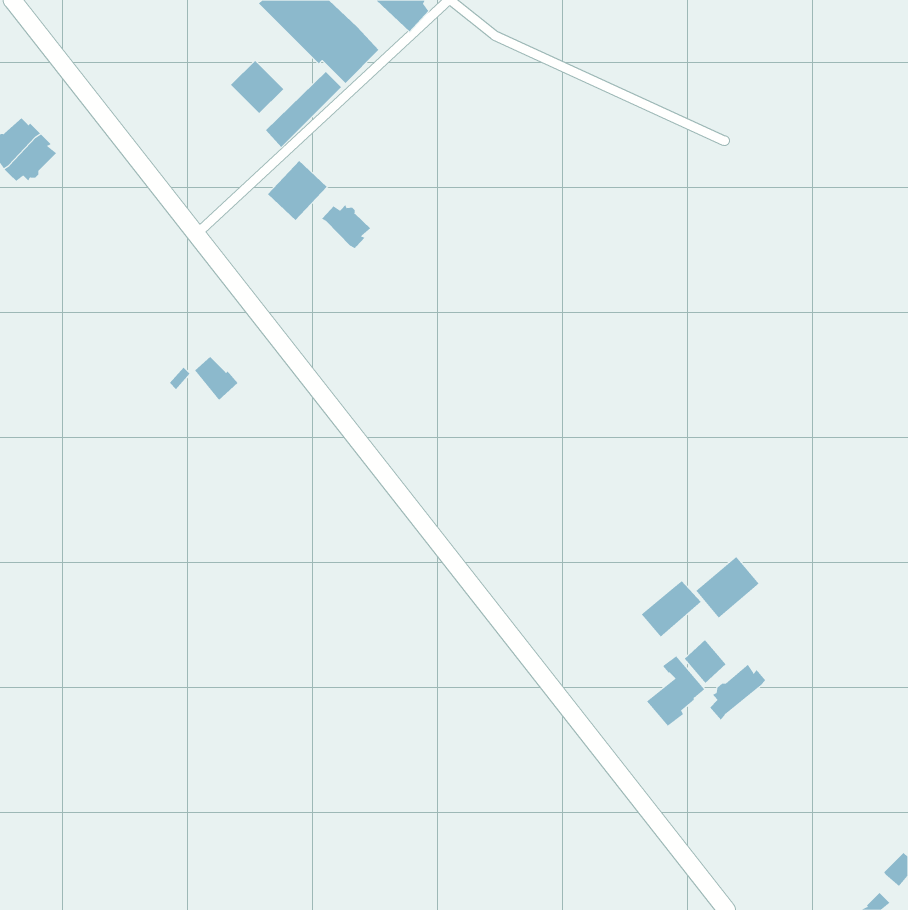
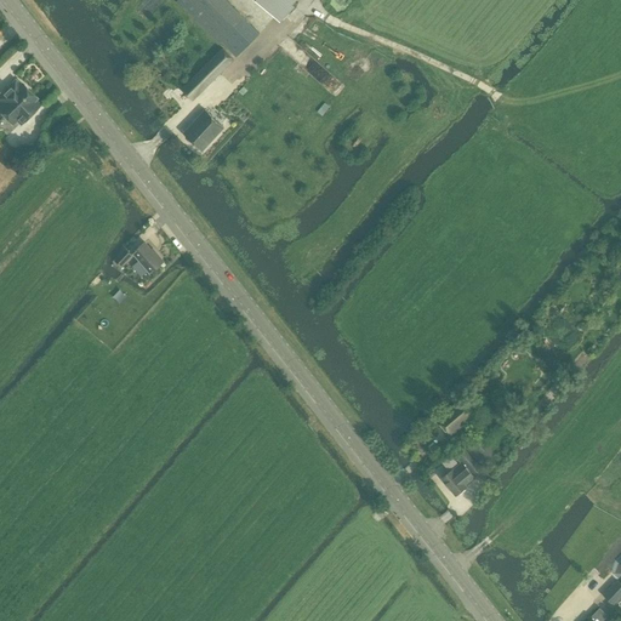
building: [230,60,284,114] -> none
building: [321,204,371,249] -> none
building: [695,556,759,618] -> none
building: [710,664,766,720] -> none

